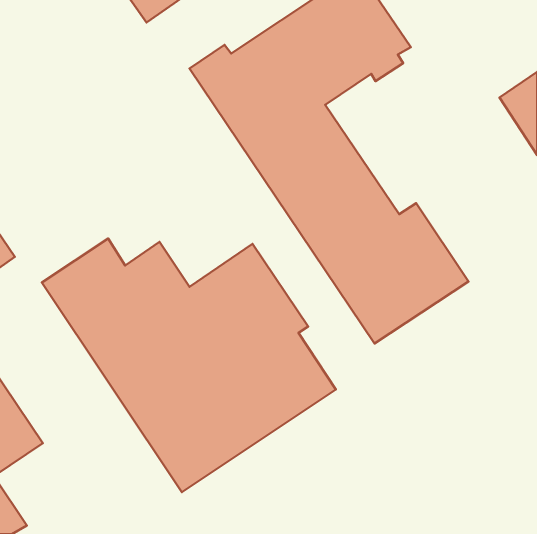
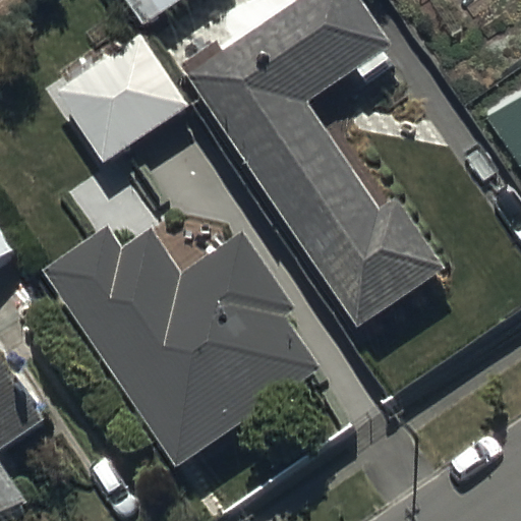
building: none -> [52,34,184,160]

